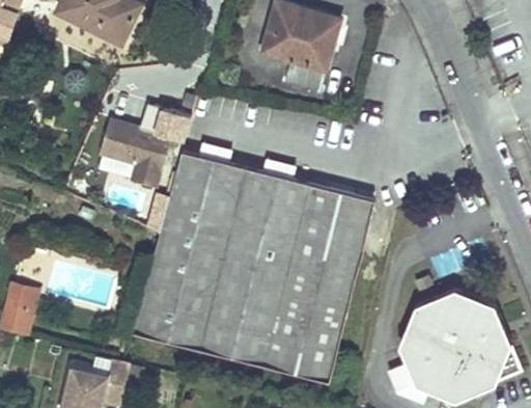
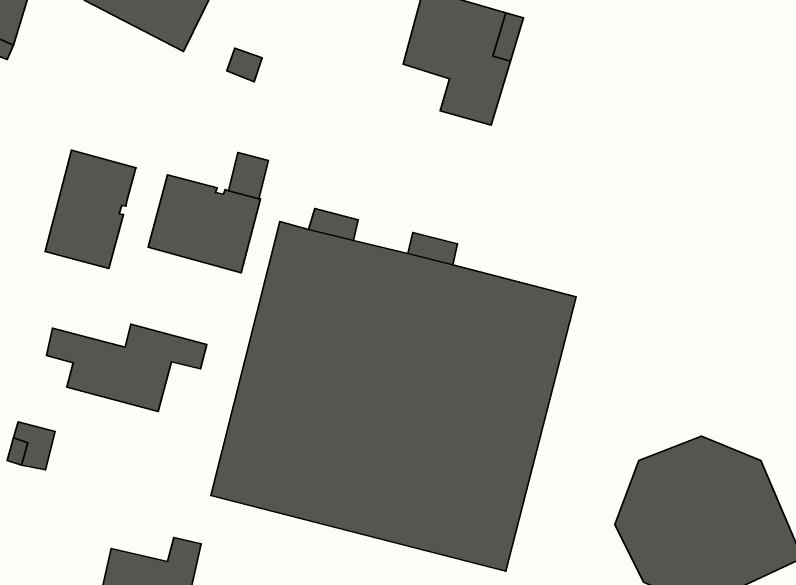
building: none -> [45,150,136,268]
building: none -> [47,324,207,411]

